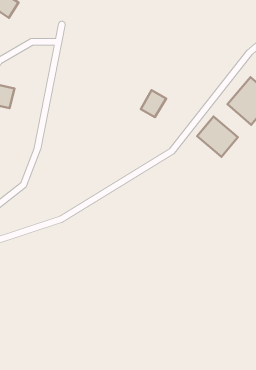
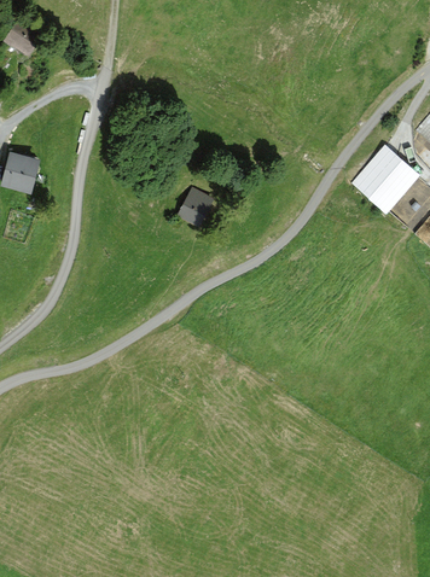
building: [141,90,166,117] -> [176,187,214,227]
building: [197,116,238,157] -> none

